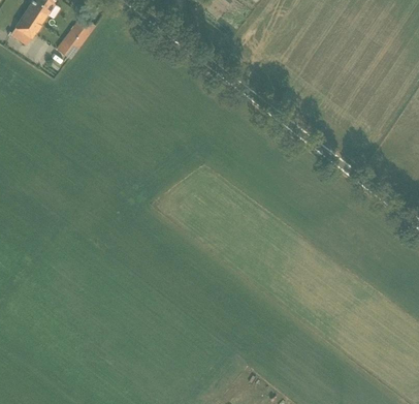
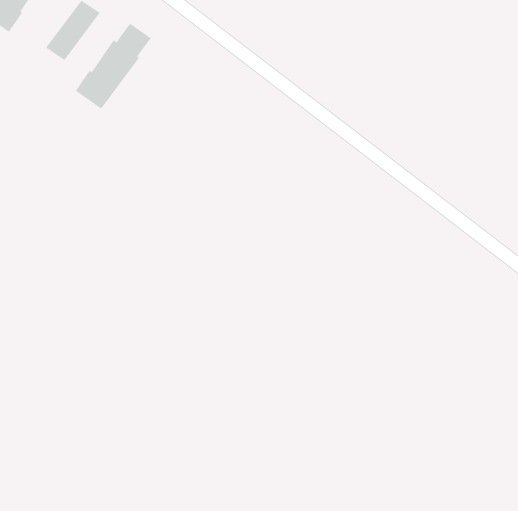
building: none -> [75,23,151,109]

